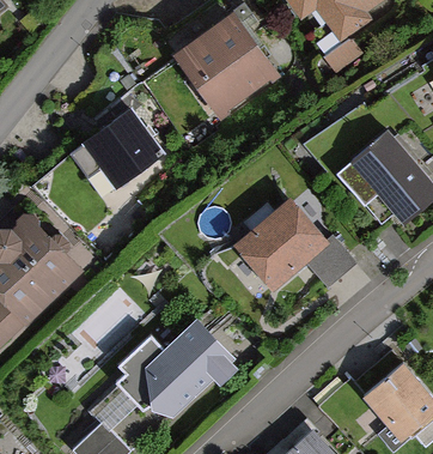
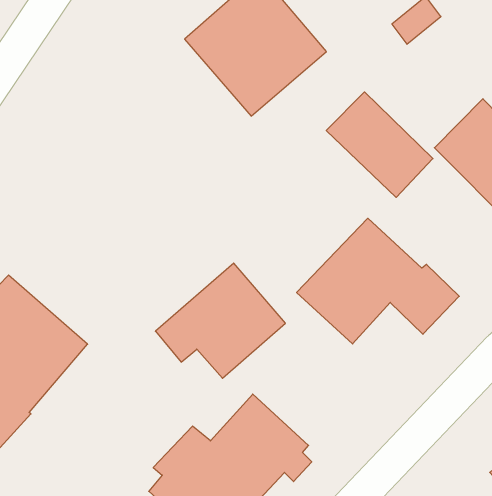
building: none -> [326,92,433,197]
building: [68,111,163,194] -> [155,263,285,378]

